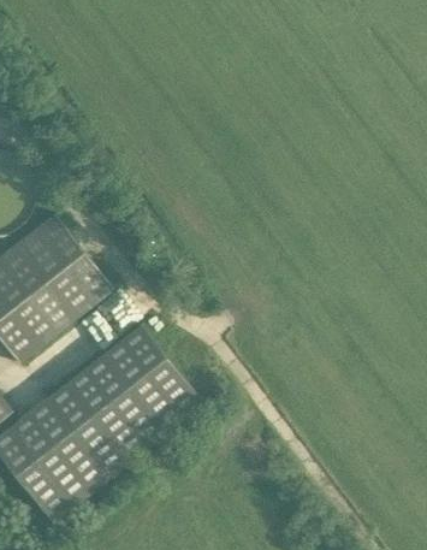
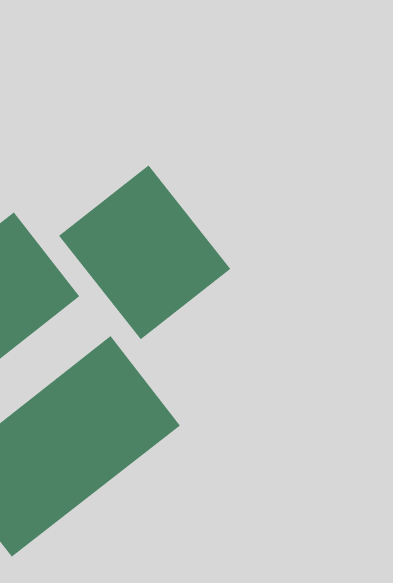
building: none -> [58,165,231,340]

